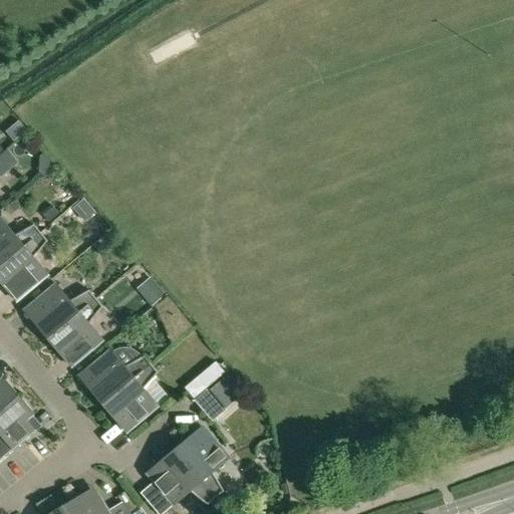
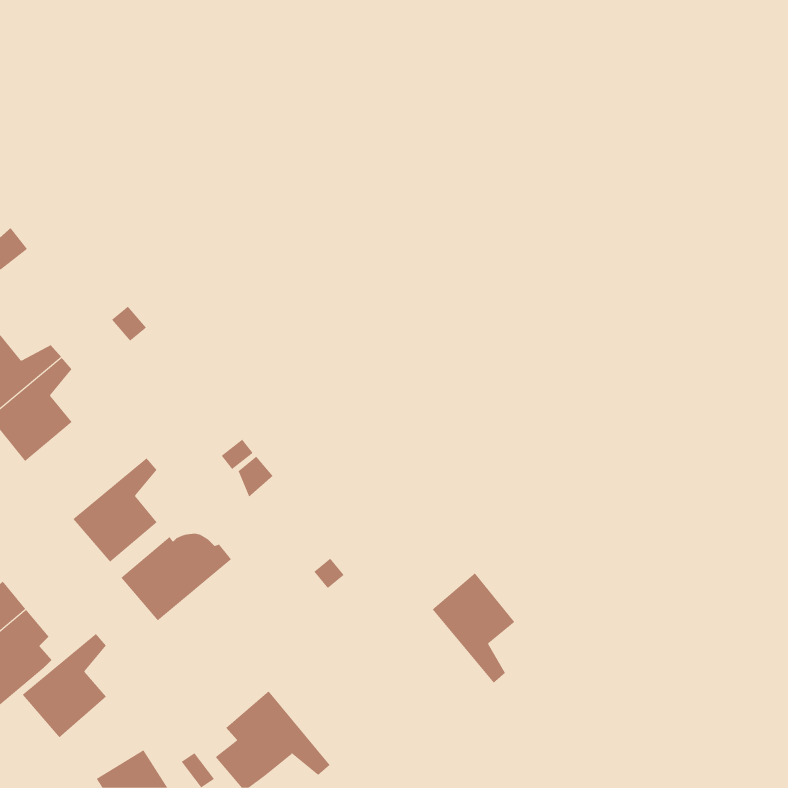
building: [24,283,95,337] -> none
building: [102,363,158,432] -> [22,633,107,738]
building: [194,387,226,421] -> none
building: [175,425,229,497] -> [432,572,515,684]

